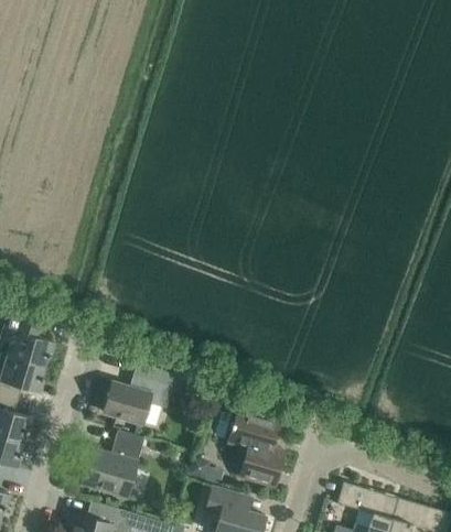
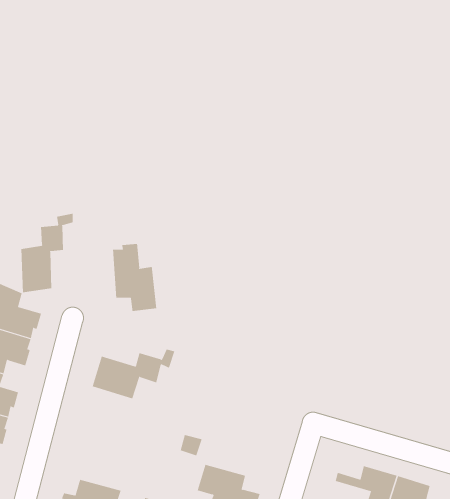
building: none -> [21,213,73,293]
building: none -> [112,243,157,312]
building: [228,410,284,487] -> none
building: [82,432,144,497] -> none

